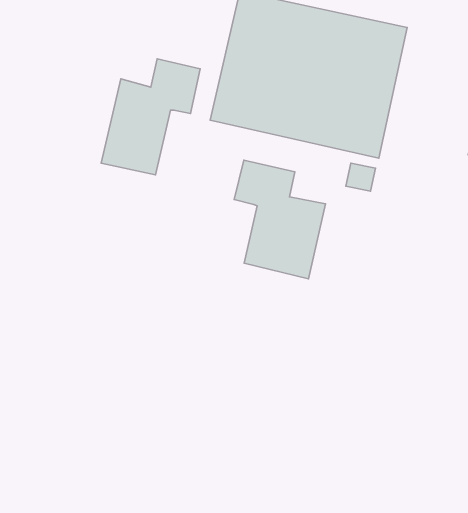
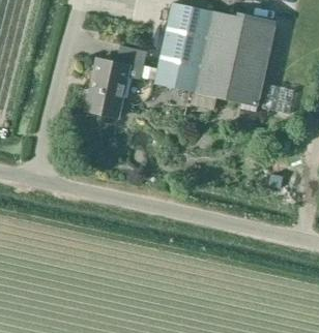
building: [234,160,325,279] -> none

